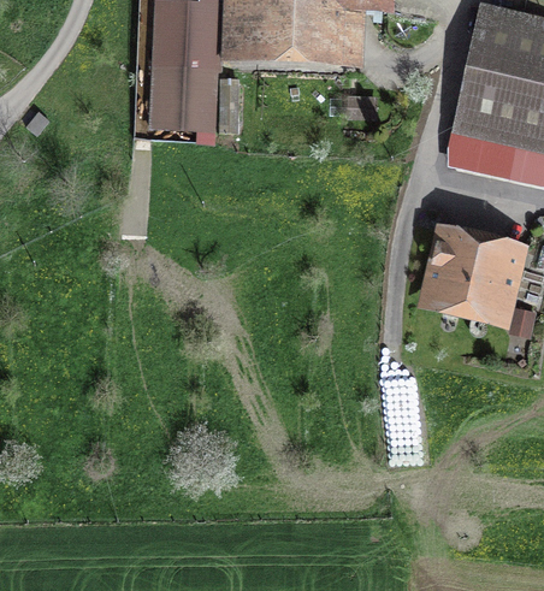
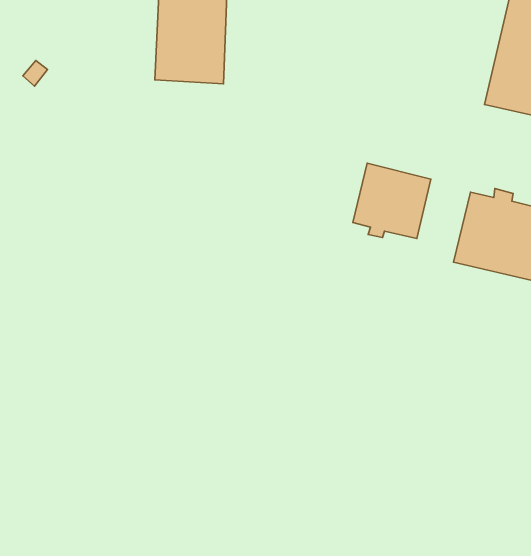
building: none -> [353,163,431,238]

